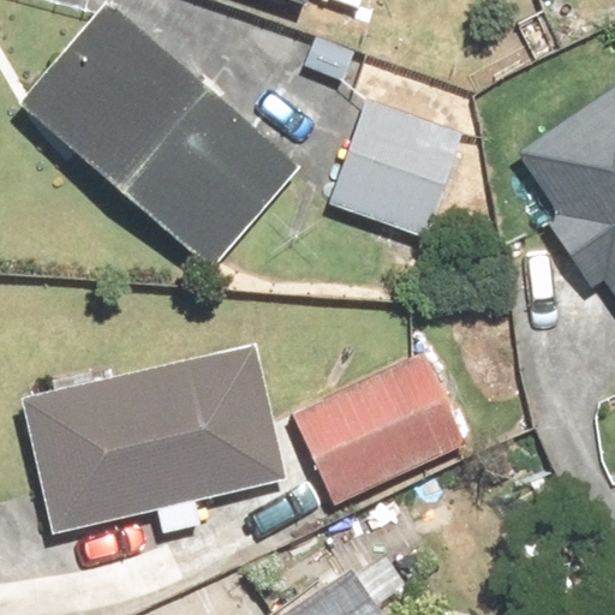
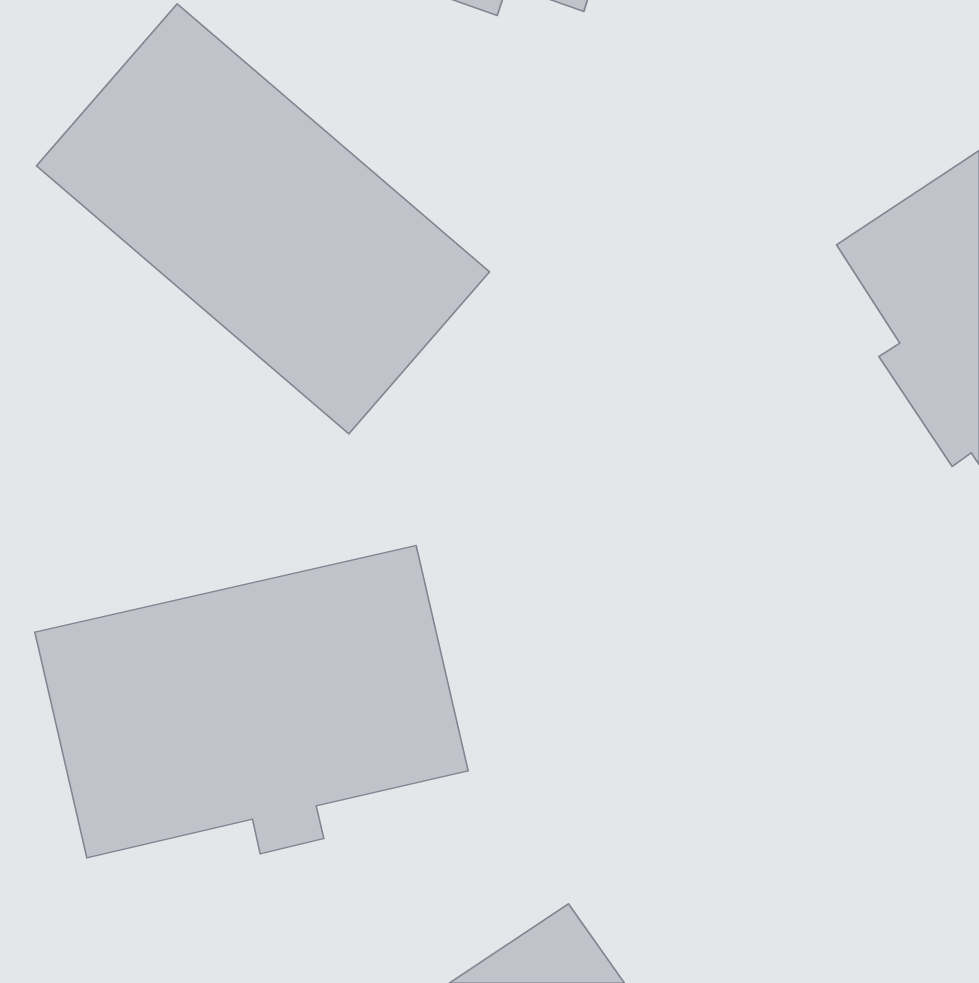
building: [328,100,464,238] -> none
building: [289,348,467,507] -> none

